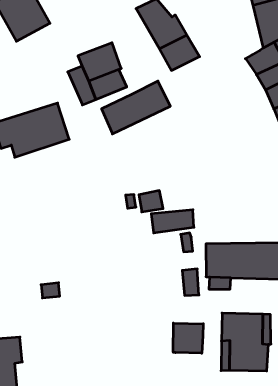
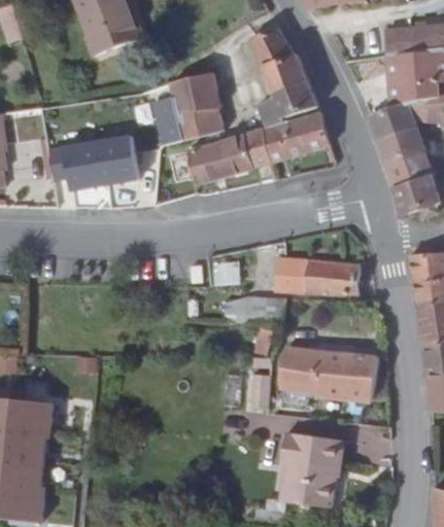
building: none -> [260,112,331,163]
building: none -> [274,253,361,293]
building: [173,323,203,353] -> none

